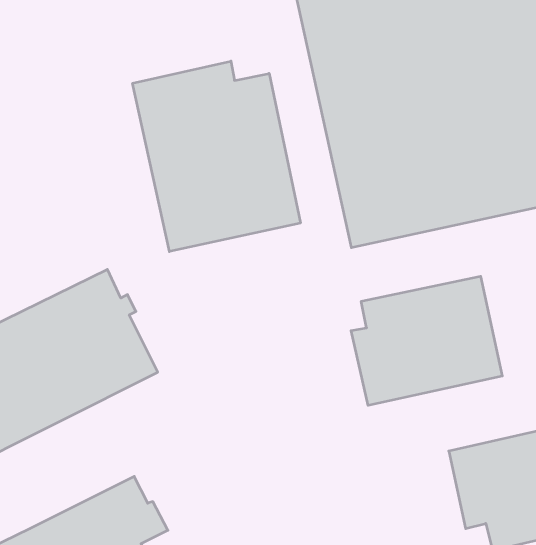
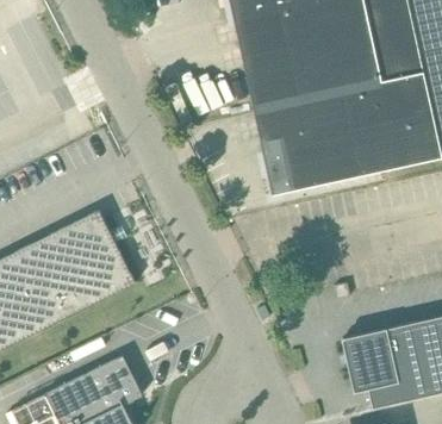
building: [133,61,300,252] -> none
building: [351,276,502,405] -> none

